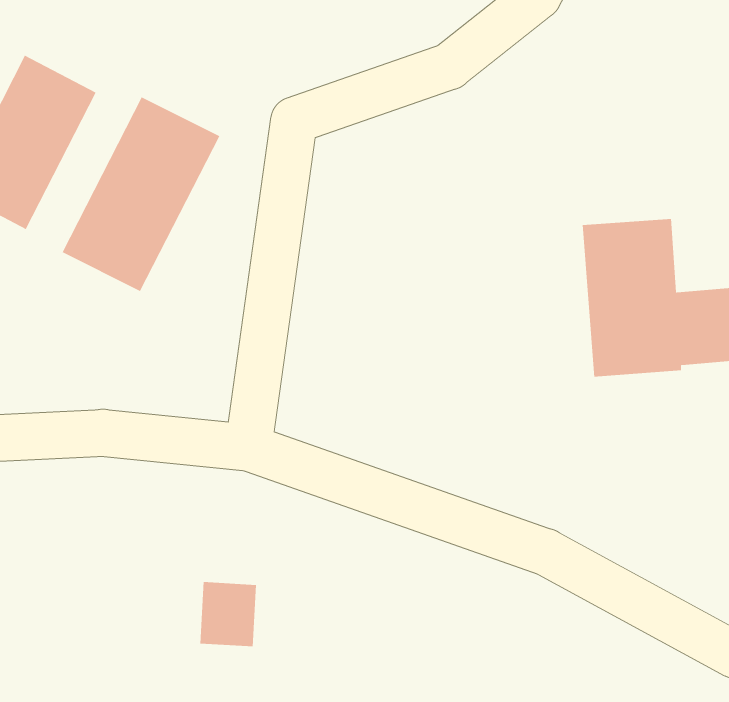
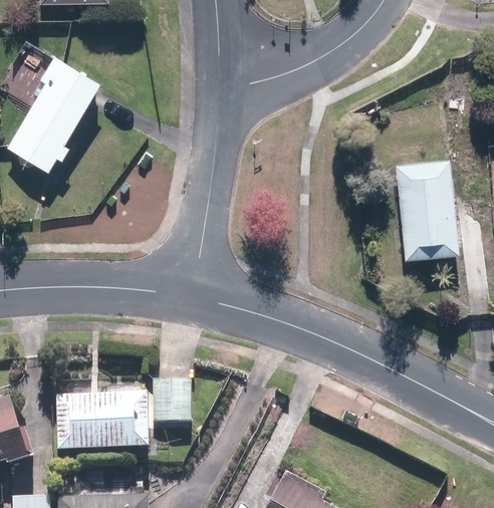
building: [62,97,220,292] -> none
building: none -> [57,391,150,450]

